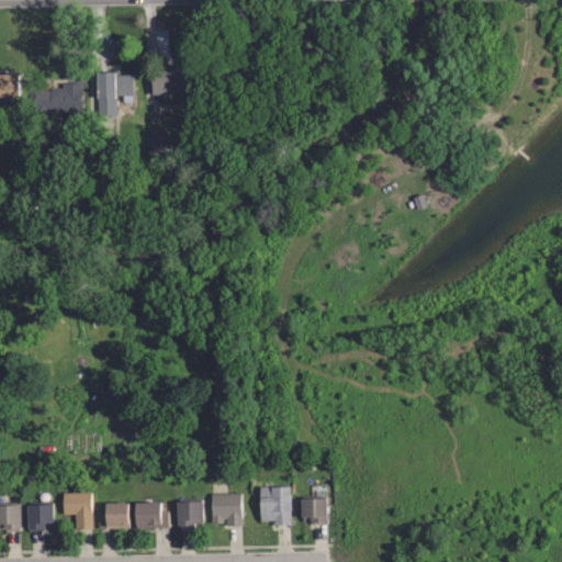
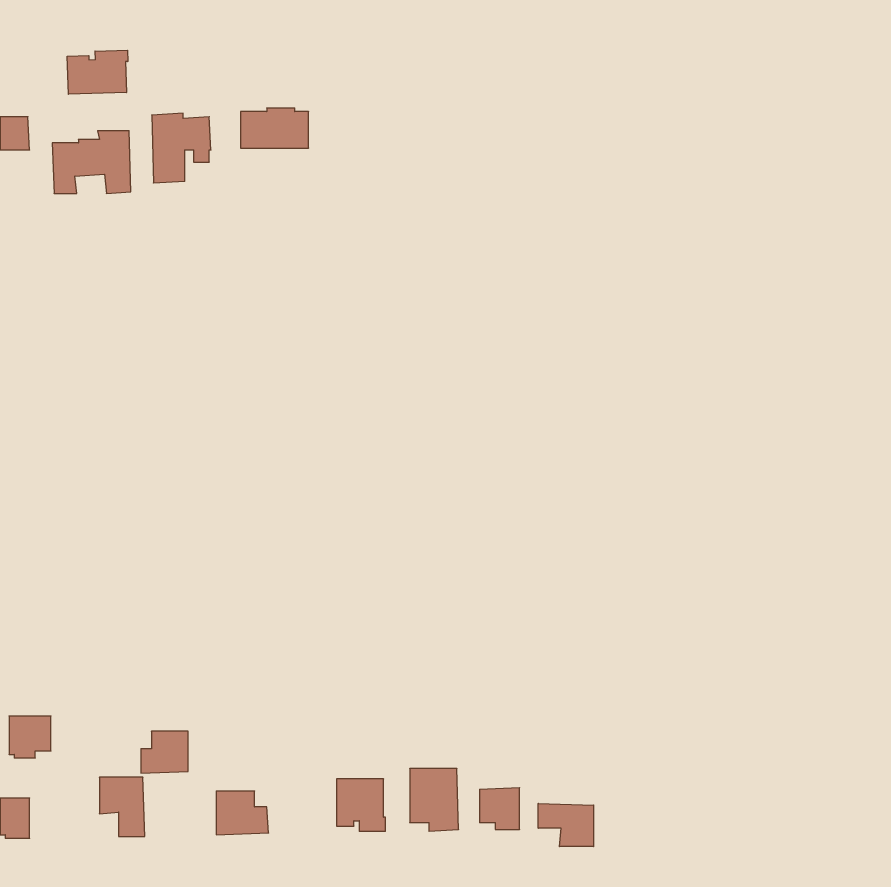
building: none -> [67,50,128,94]
building: [99,502,128,528] -> [141,731,188,773]
building: [176,502,202,528] -> none
building: [26,504,53,530] -> [9,716,51,758]
building: none -> [538,803,594,847]

